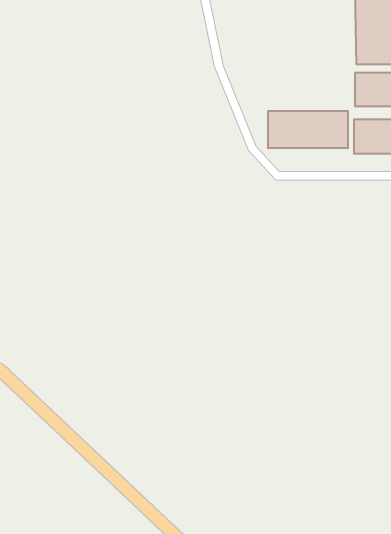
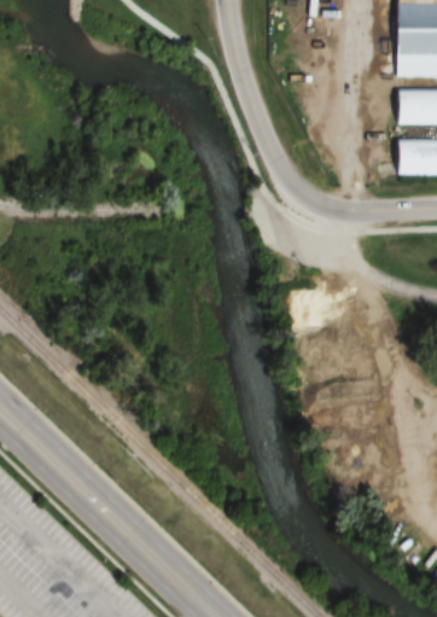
building: [268,111,348,148] -> none

